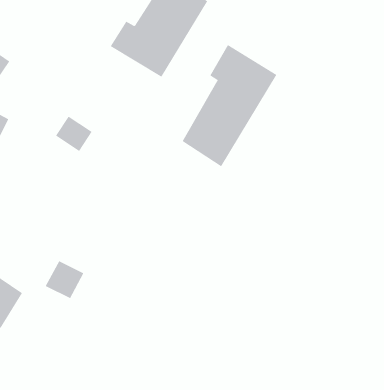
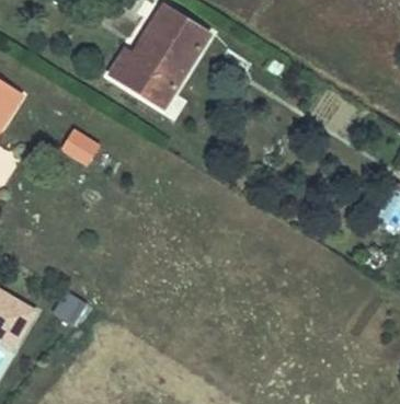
building: [182,44,277,167] -> none

